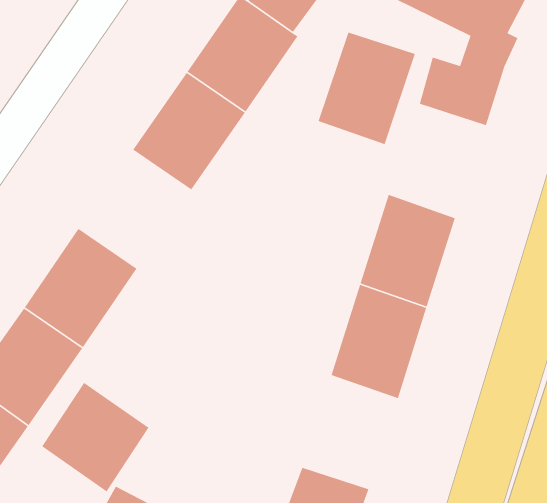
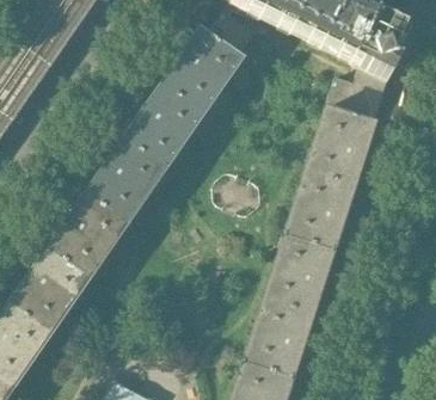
building: [317,31,416,145] -> [306,104,375,184]
building: none -> [87,136,167,220]
building: none -> [245,295,313,375]
building: [41,382,150,492] -> none

